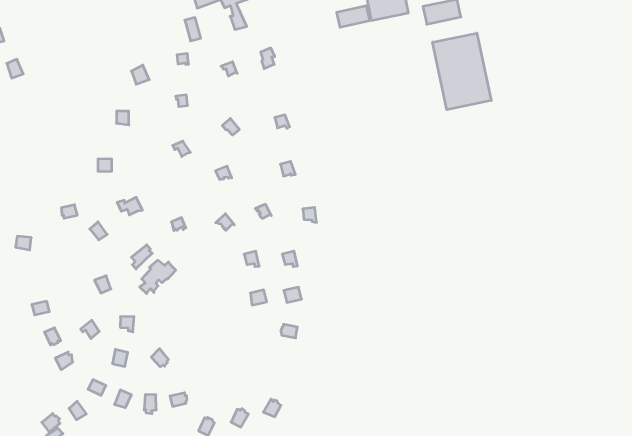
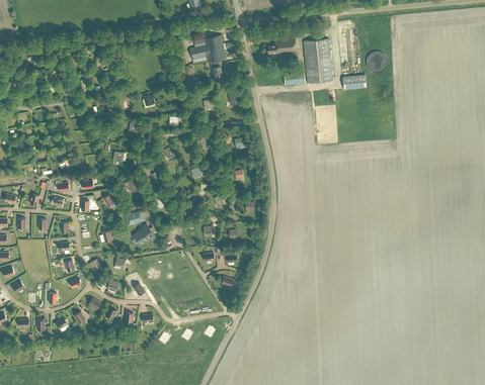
building: [433,33,491,110] -> none

